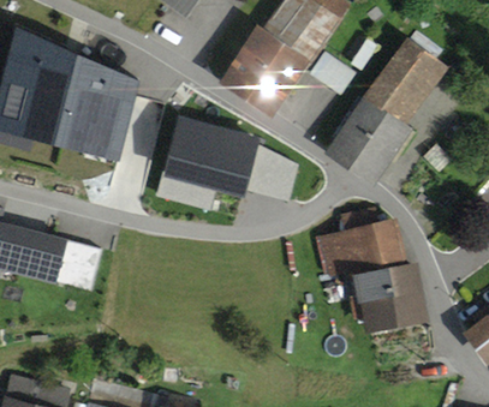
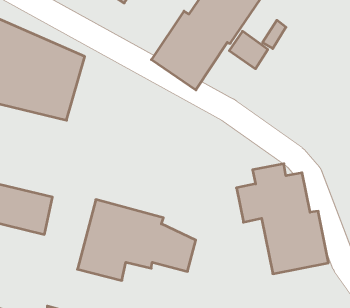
building: [327,41,447,185] -> none
building: [156,114,297,210] -> [77,200,196,280]

